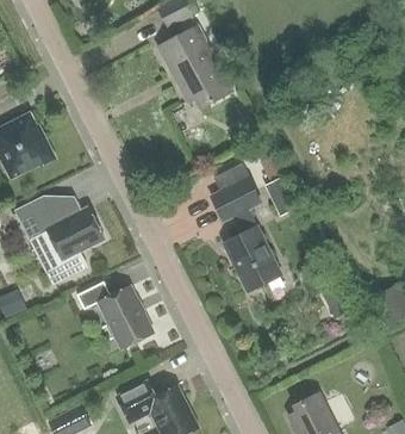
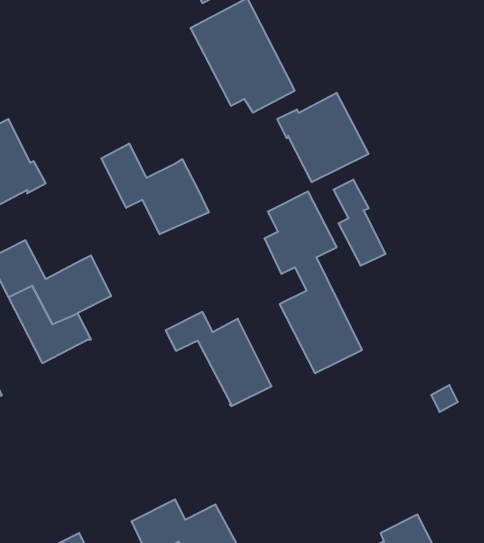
building: none -> [277,93,368,182]
building: none -> [101,143,209,234]
building: [76,281,151,348] -> [166,312,272,406]

